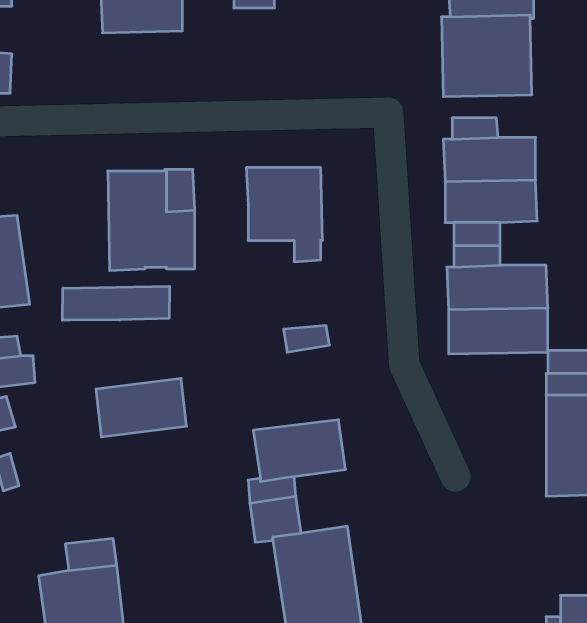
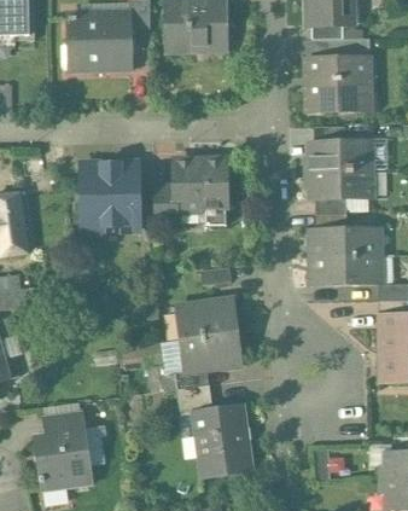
building: none -> [153,185,177,222]
building: [62,286,170,320] -> none
building: [96,378,187,437] -> [175,298,237,338]

